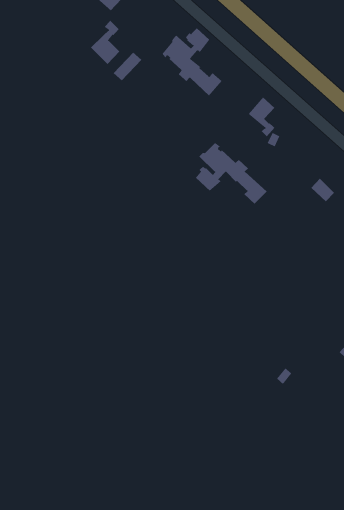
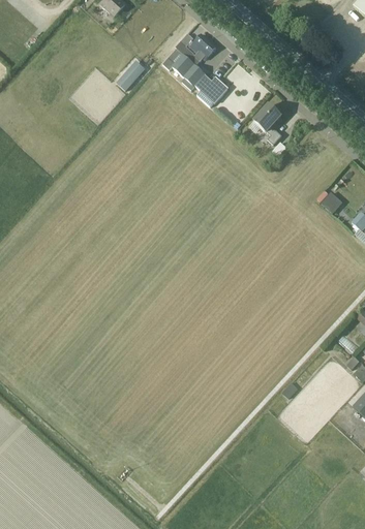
building: [90,20,120,65] -> none
building: [195,142,268,205] -> none

